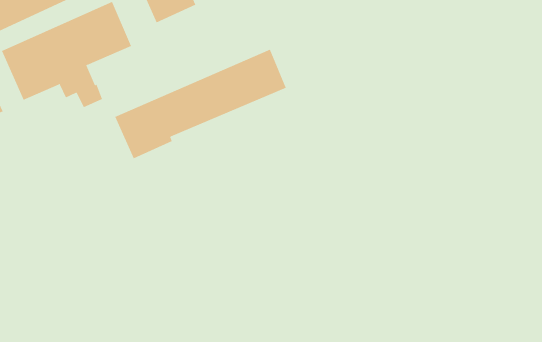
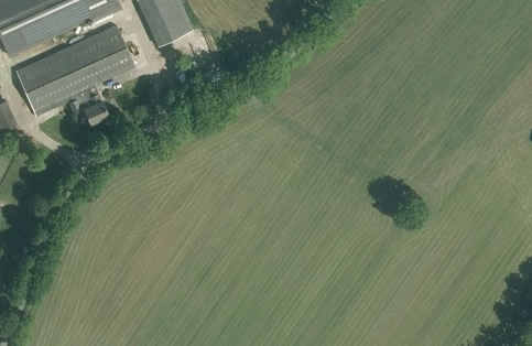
building: [115,49,287,159] -> none

